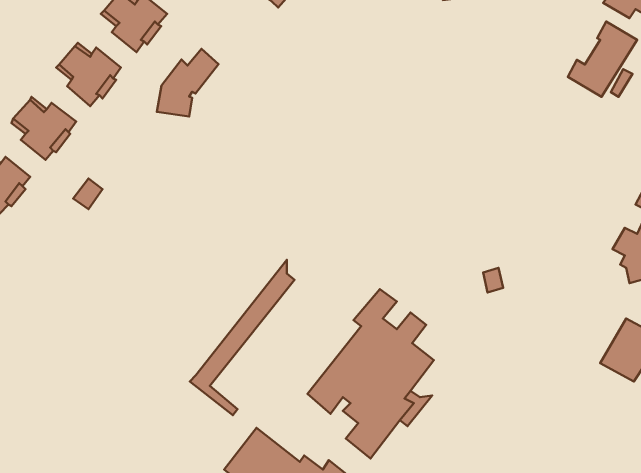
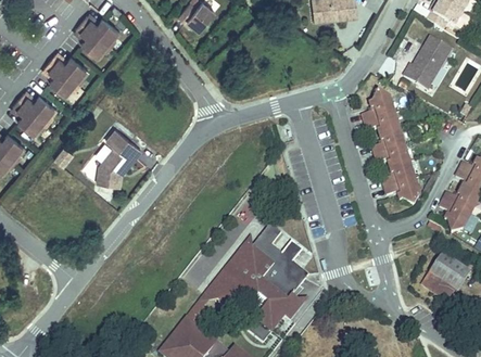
building: [157,49,218,116] -> [96,139,139,187]
building: none -> [358,78,415,193]
building: [190,260,294,415] -> [183,237,257,346]

